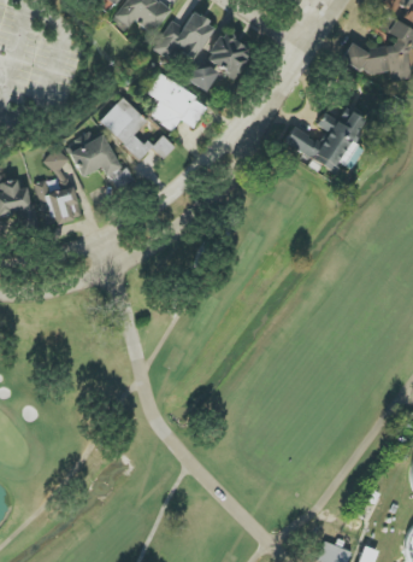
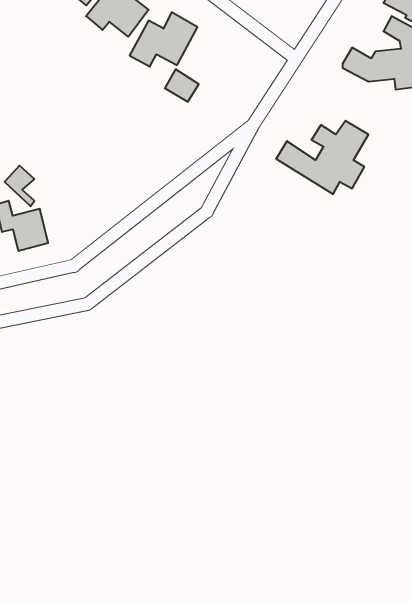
building: [205,33,250,77] -> none
building: [147,75,208,130] -> none
building: [100,98,175,159] -> none
building: [66,133,120,177] -> none

